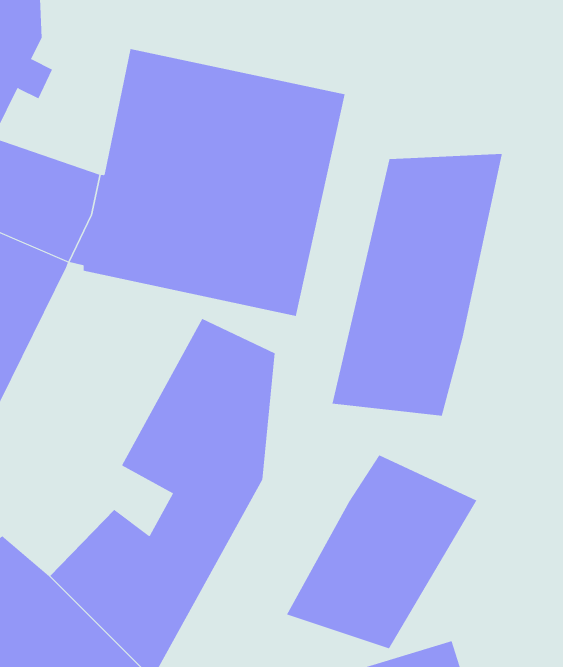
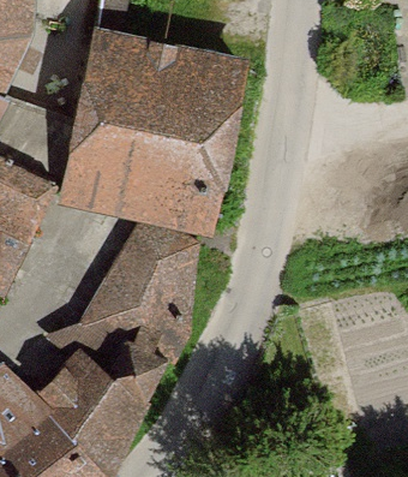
building: [332,153,502,416] -> none
building: [286,455,477,649] -> none

